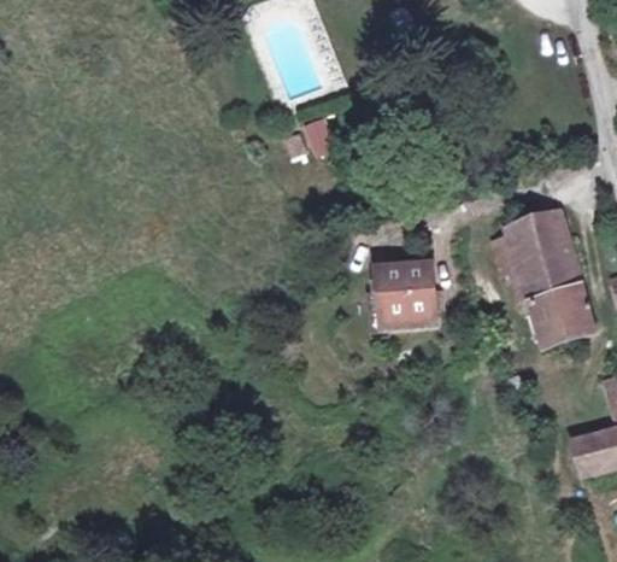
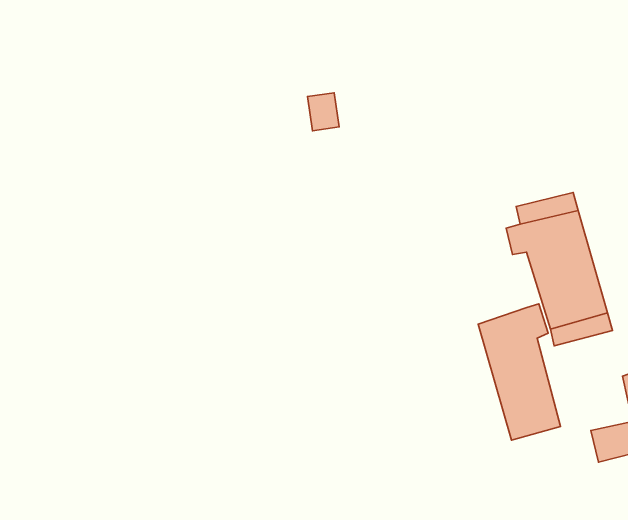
building: [376,264,429,323] -> none
building: none -> [478,304,560,440]

